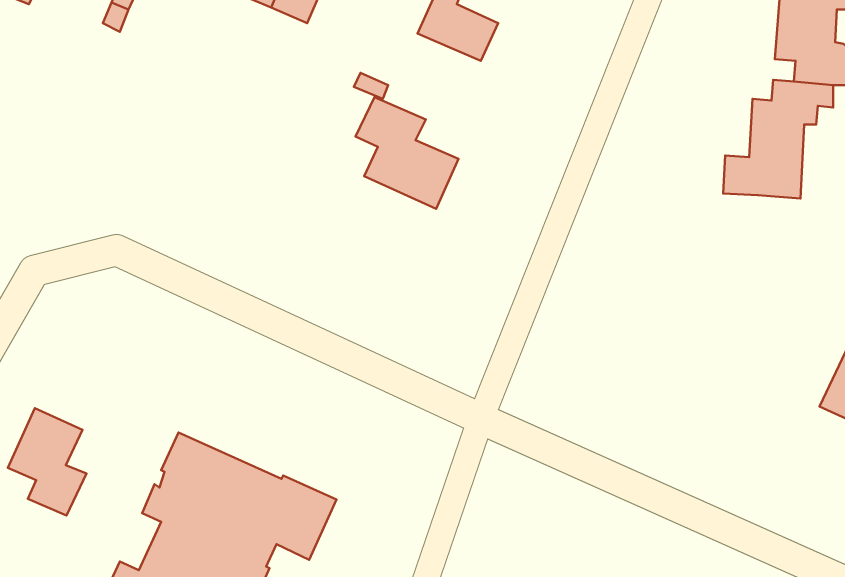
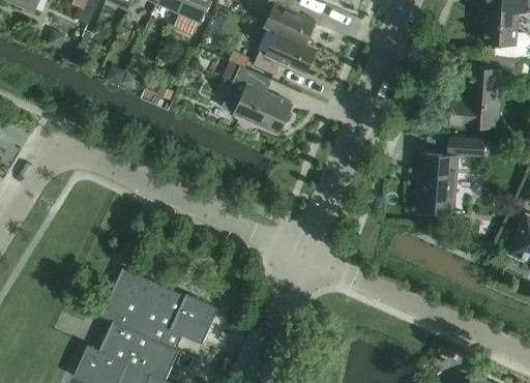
building: none -> [254,31,317,73]
building: none -> [418,138,484,212]
building: [8,408,86,515] -> none

